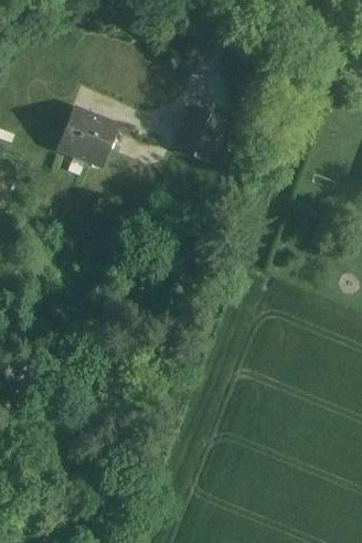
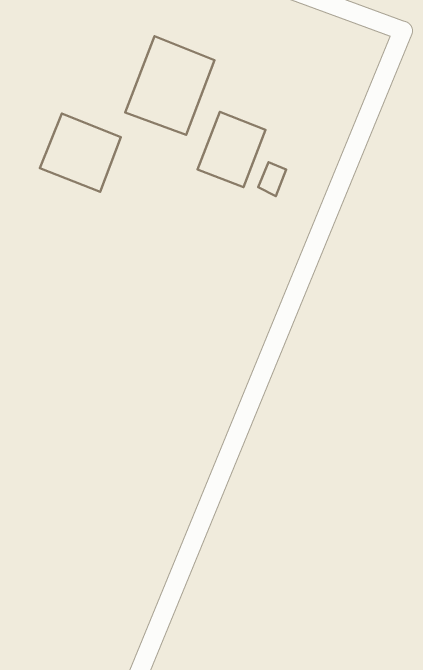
building: none -> [125,36,214,135]

